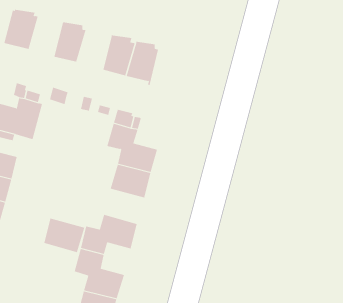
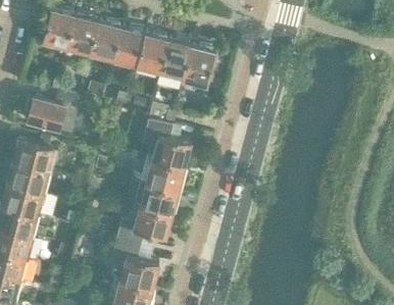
building: none -> [67,16,99,56]
building: none -> [113,29,146,68]
building: none -> [184,47,214,89]
building: [44,218,85,253] -> [139,183,179,216]

